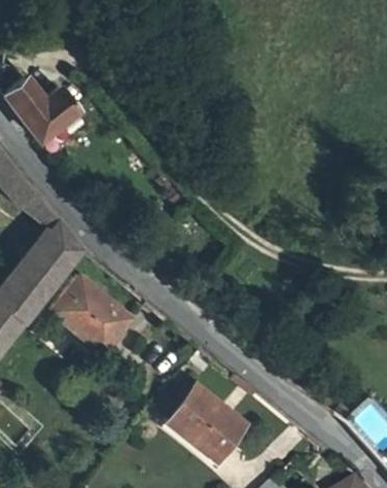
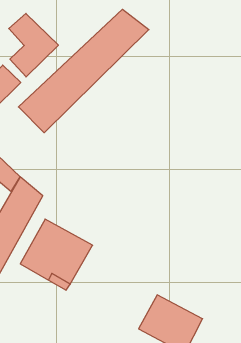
building: none -> [9,13,58,77]
building: none -> [18,9,149,133]

